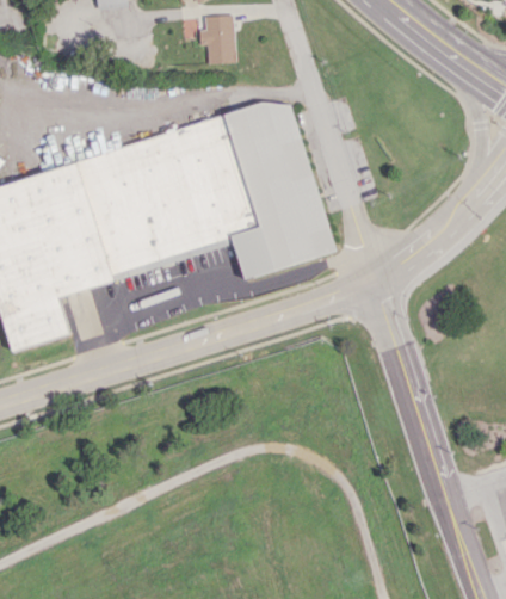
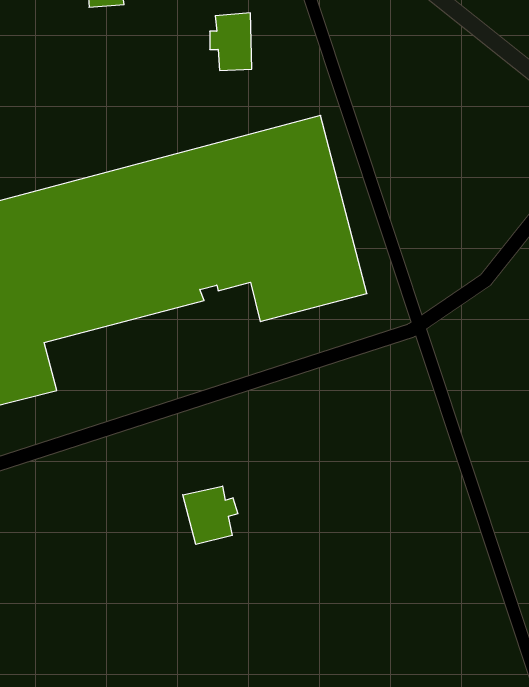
building: none -> [183,486,238,544]

